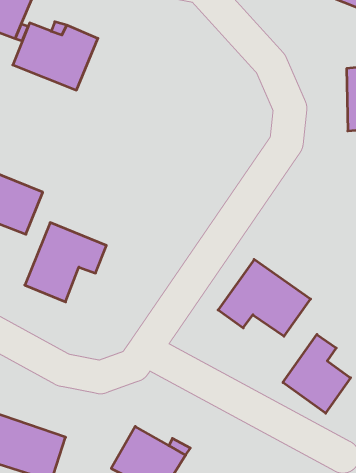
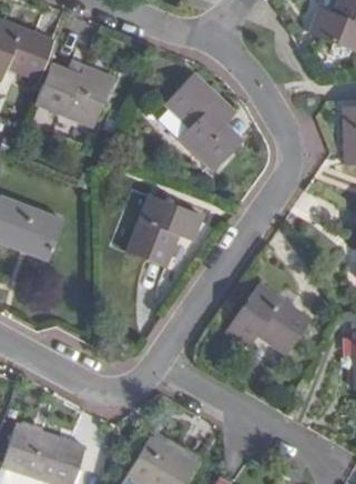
building: none -> [165,73,242,168]
building: [25,223,106,302] -> [126,193,202,266]
building: [283,334,351,413] -> none

